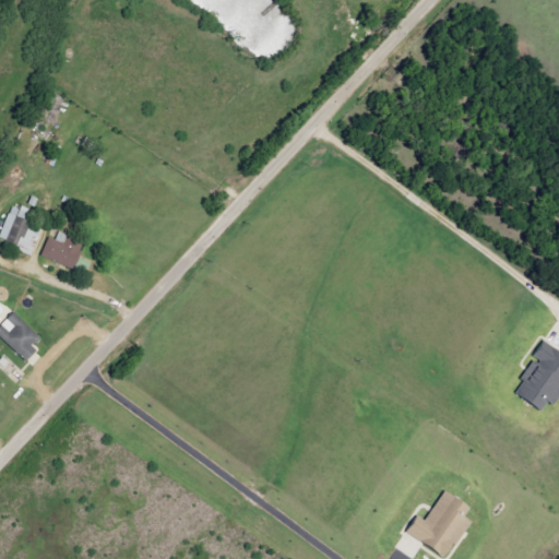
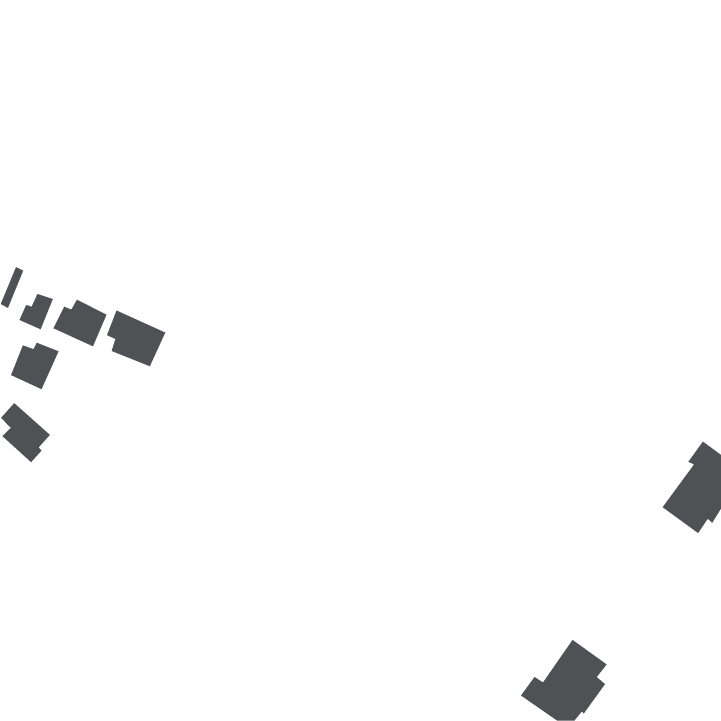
building: none -> [106,310,166,367]
building: none -> [10,342,59,390]

